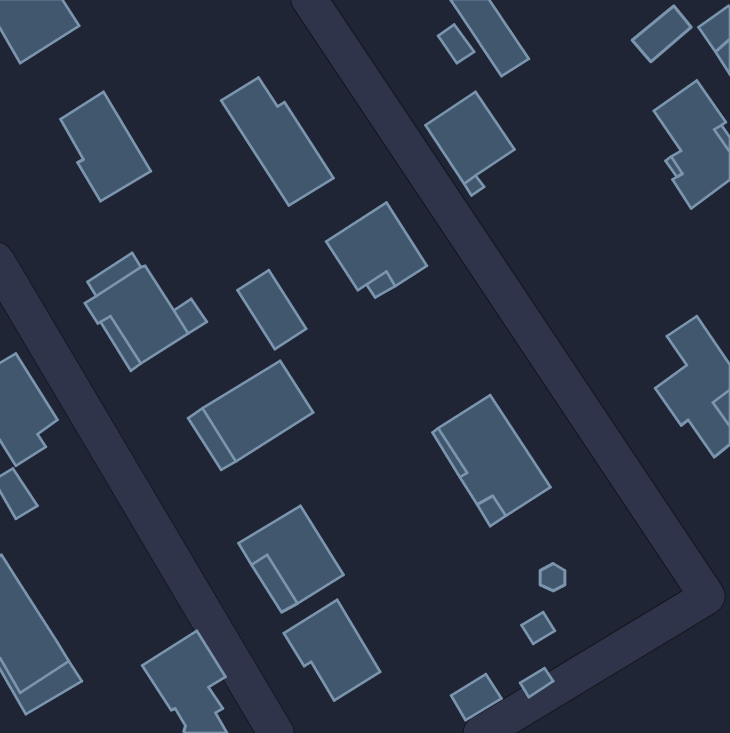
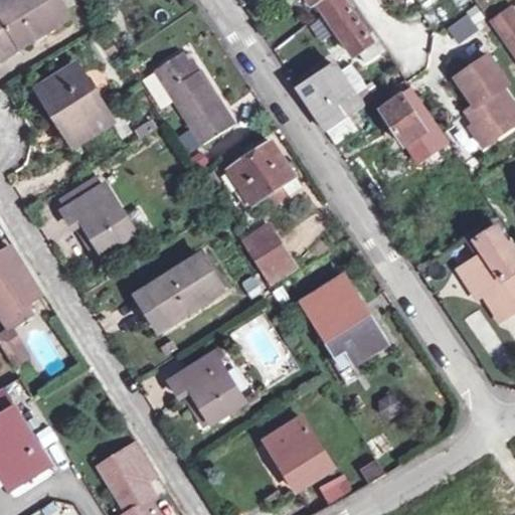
building: none -> [381,87,447,157]
building: [237,270,306,349] -> [241,225,290,281]
building: [284,600,380,701] -> [261,417,328,488]

